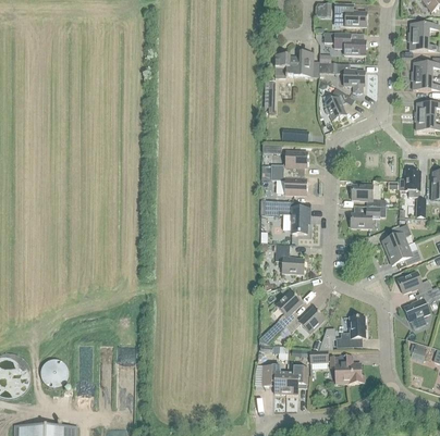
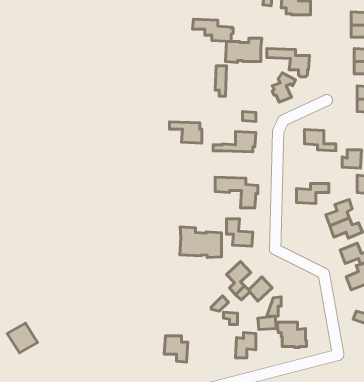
building: [323,32,367,55] -> [193,19,233,41]
building: [271,172,306,195] -> [169,122,202,143]
building: [352,184,386,207] -> [304,130,336,151]
building: none -> [180,227,222,257]
building: [337,316,365,347] -> none
building: [261,365,286,394] -> [164,336,188,362]

